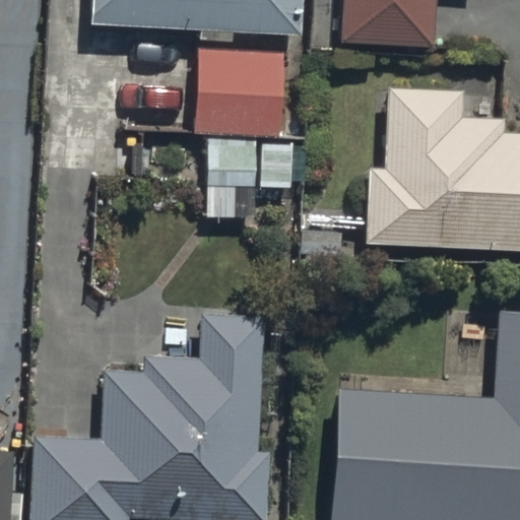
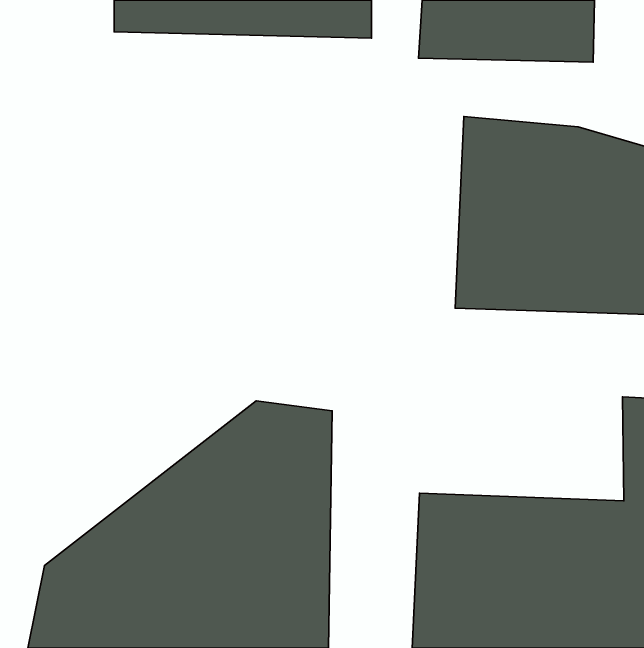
building: [194,46,290,212] -> none

